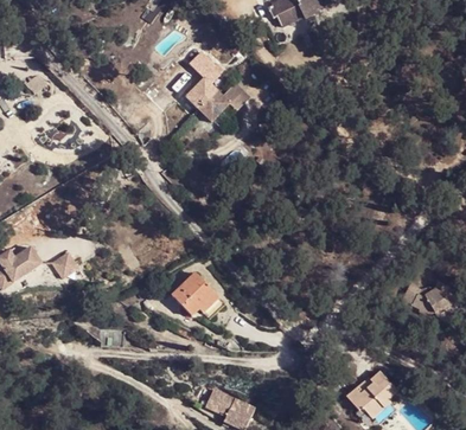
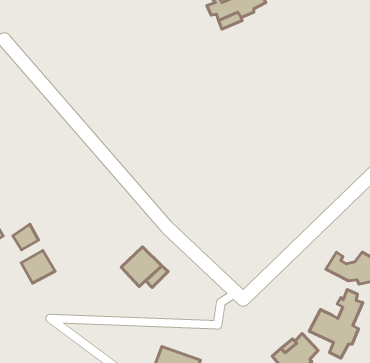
building: [181,47,248,124] -> none
building: none -> [21,251,55,283]
building: none -> [309,290,363,358]

